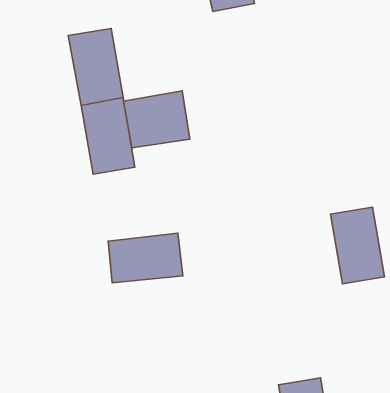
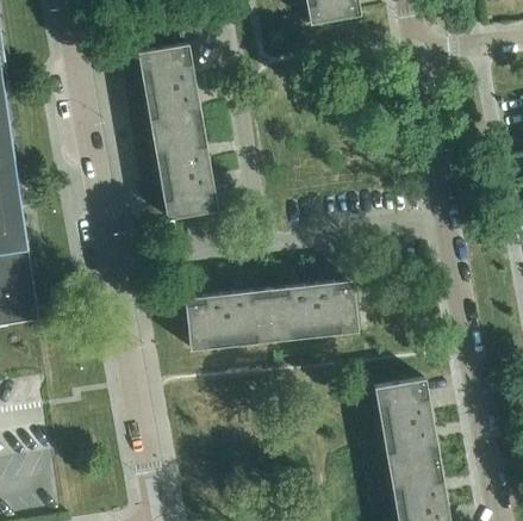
building: [124,91,190,148] -> none
building: [331,207,384,284] -> [373,378,437,470]
building: none -> [267,279,356,340]

